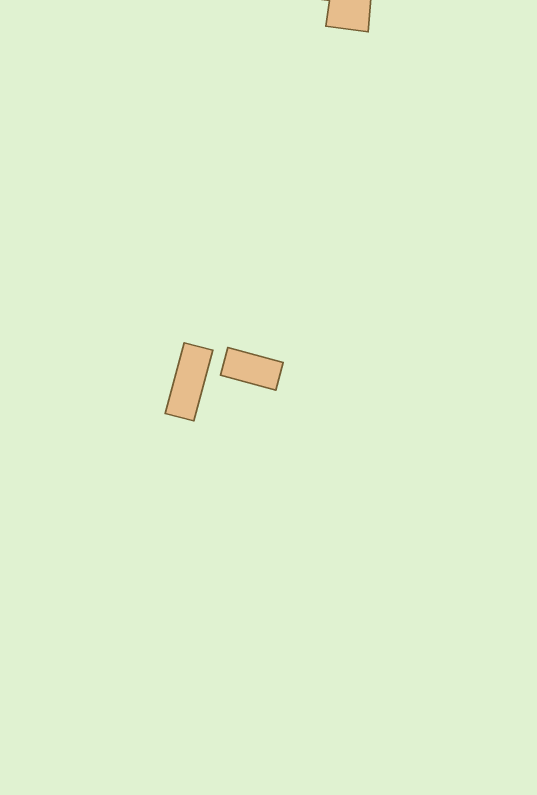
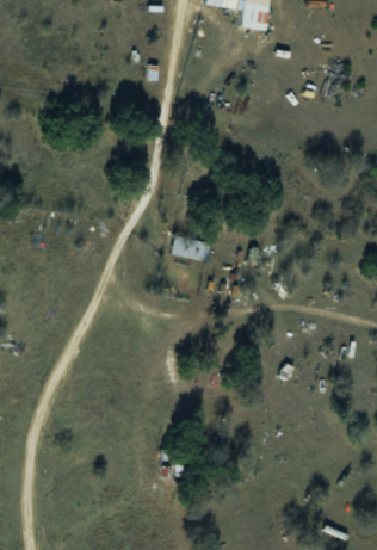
building: [165,343,213,421] -> none

